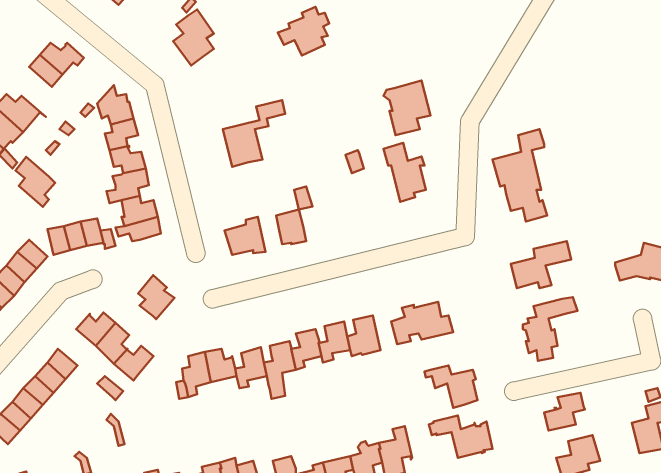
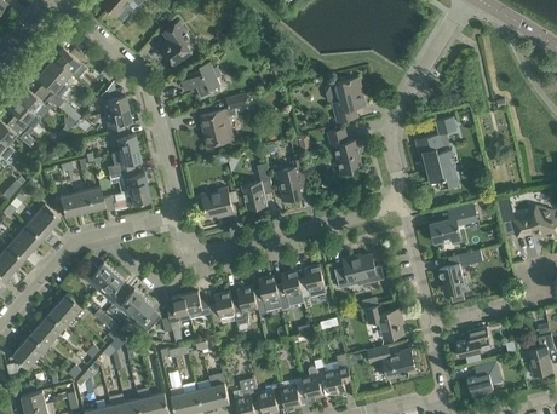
building: [278,7,329,55] -> [180,61,222,99]
building: [16,157,55,207] -> [36,67,68,107]
building: none -> [276,159,306,202]
building: [138,275,174,319] -> [132,298,161,333]

